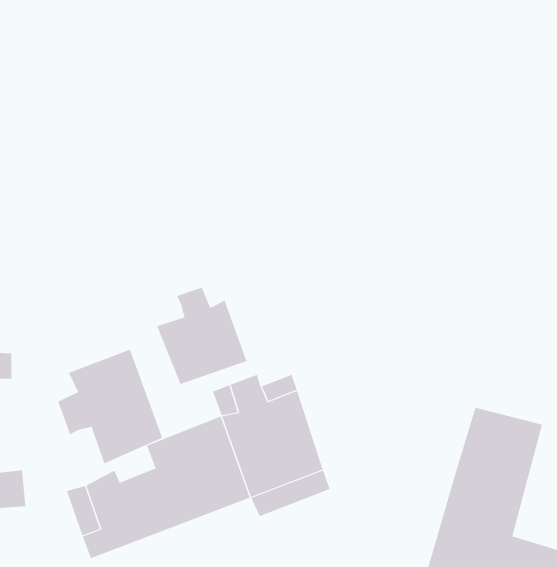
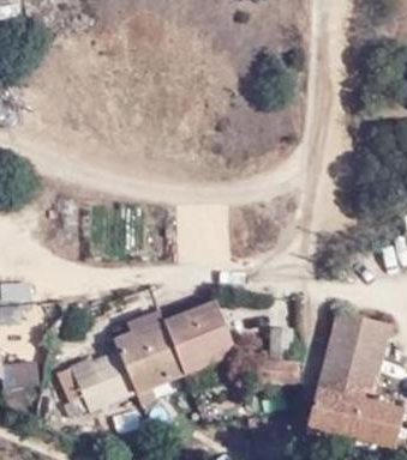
building: [156,287,247,385] -> none
building: [57,349,163,464] -> none

